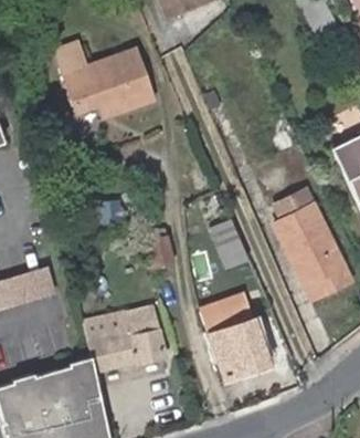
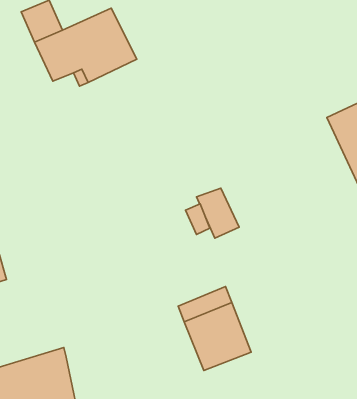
building: [277,184,352,289] -> none
building: [85,311,161,367] -> none

